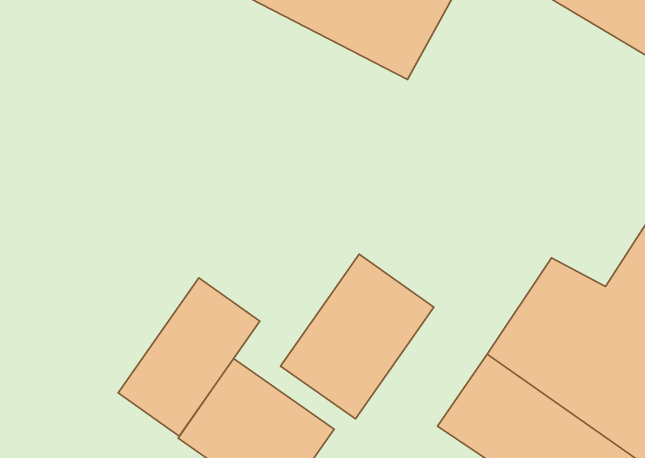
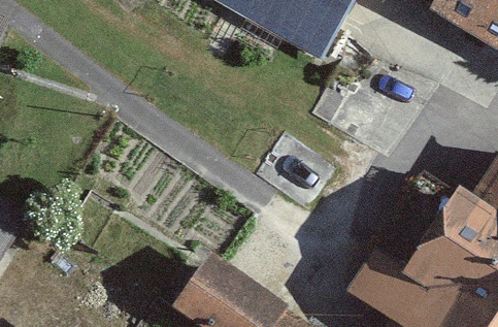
building: [281,254,434,419] -> none
building: [118,278,260,436] -> none

